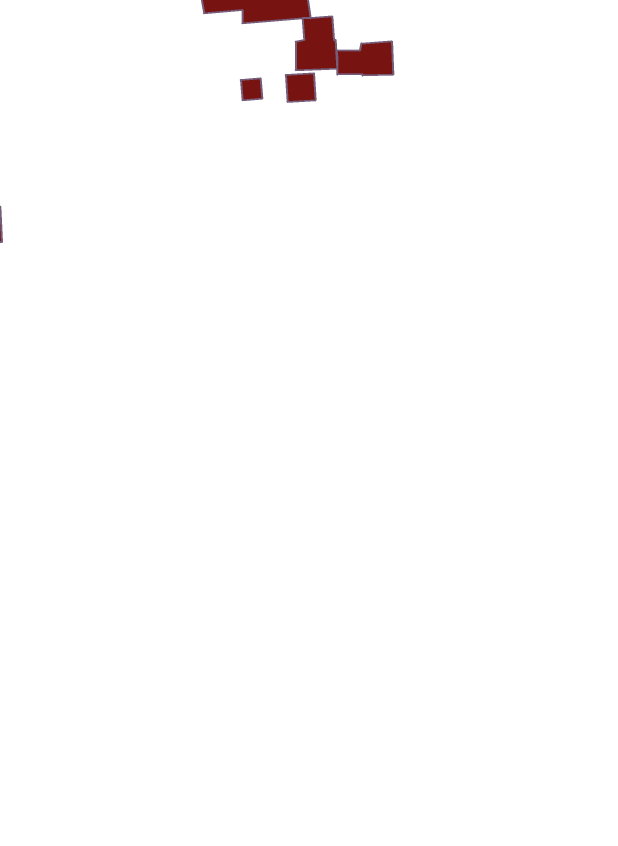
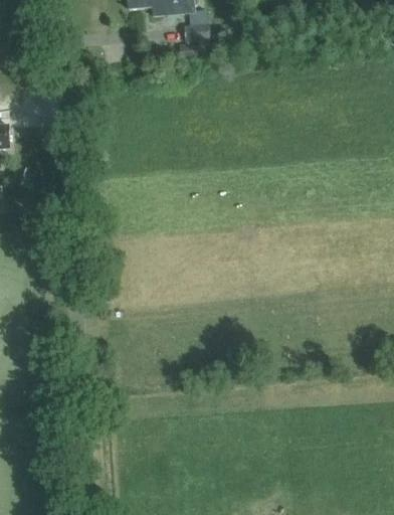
building: [337,41,393,76] -> none

